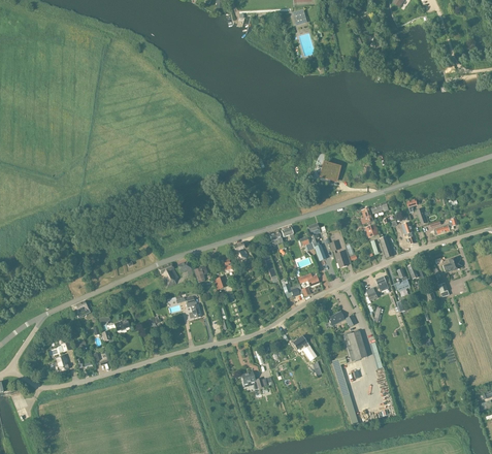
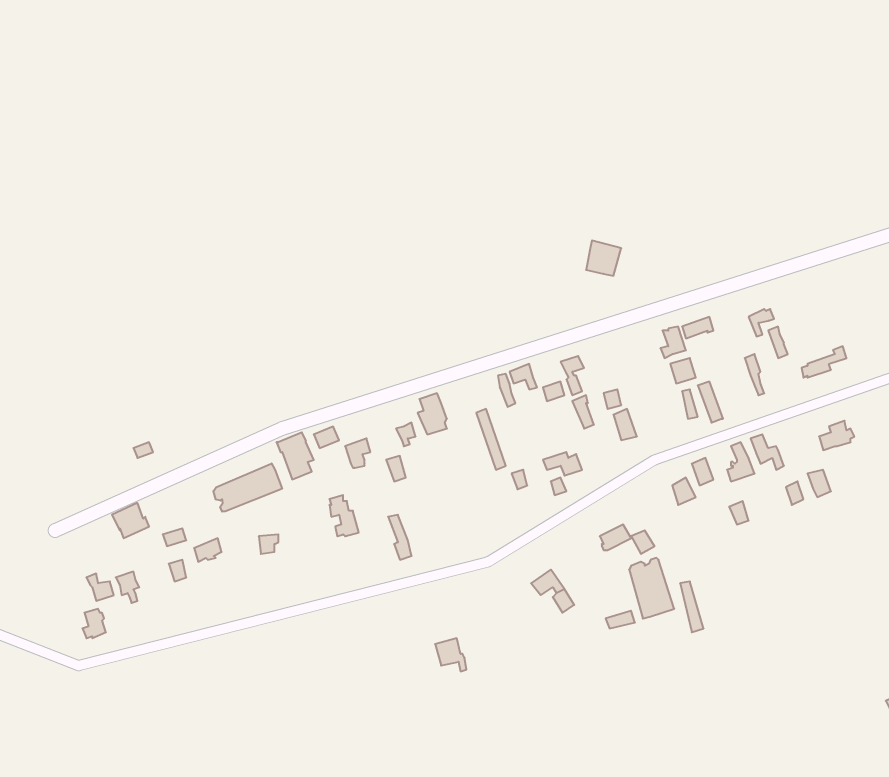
building: none -> [213,463,282,512]

